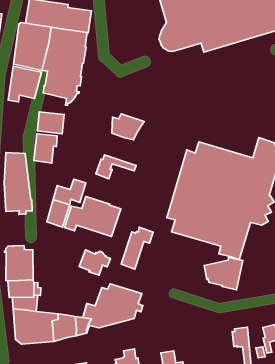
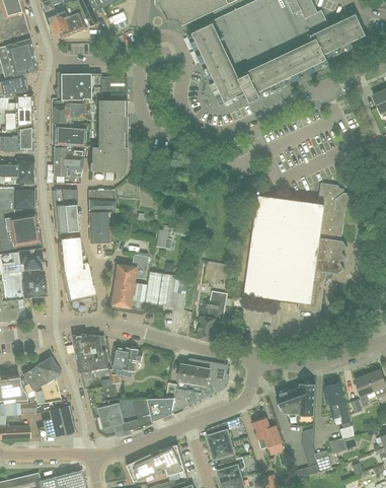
building: none -> [54,188,78,232]
building: [112,114,144,140] -> none
building: [79,250,110,275] -> [110,345,142,370]
building: [204,257,243,290] -> [276,382,315,415]

